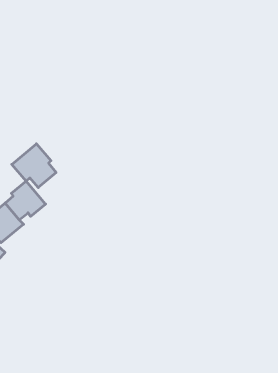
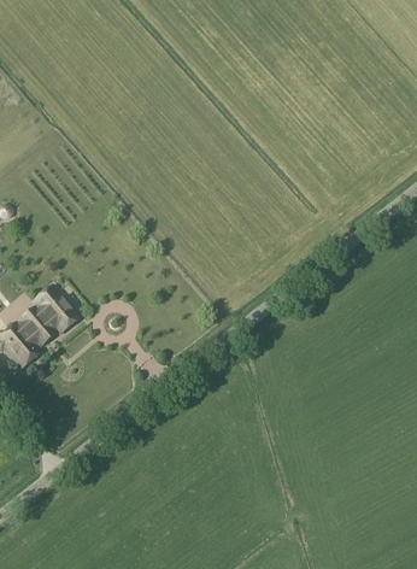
building: [12,144,56,188] -> none

